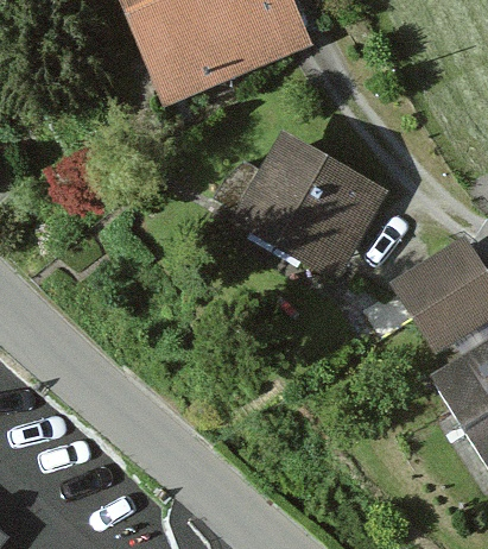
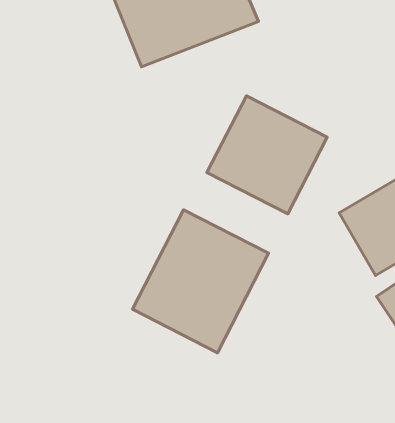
building: none -> [132,210,268,353]

